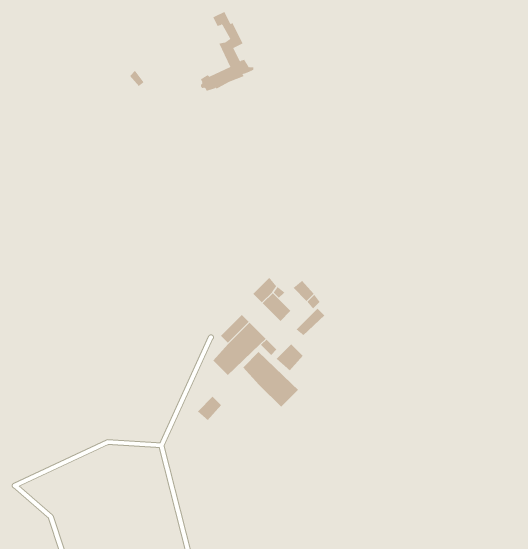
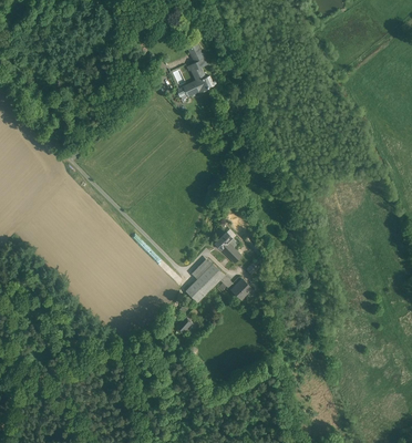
building: [242,351,299,408] -> none

